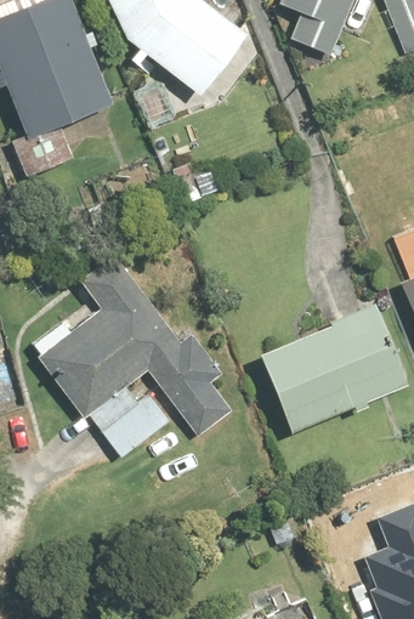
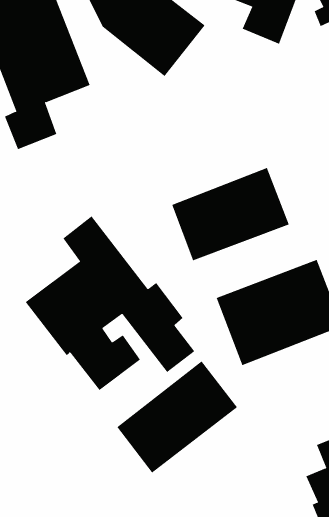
building: none -> [171,167,289,261]
building: none -> [116,361,238,473]

